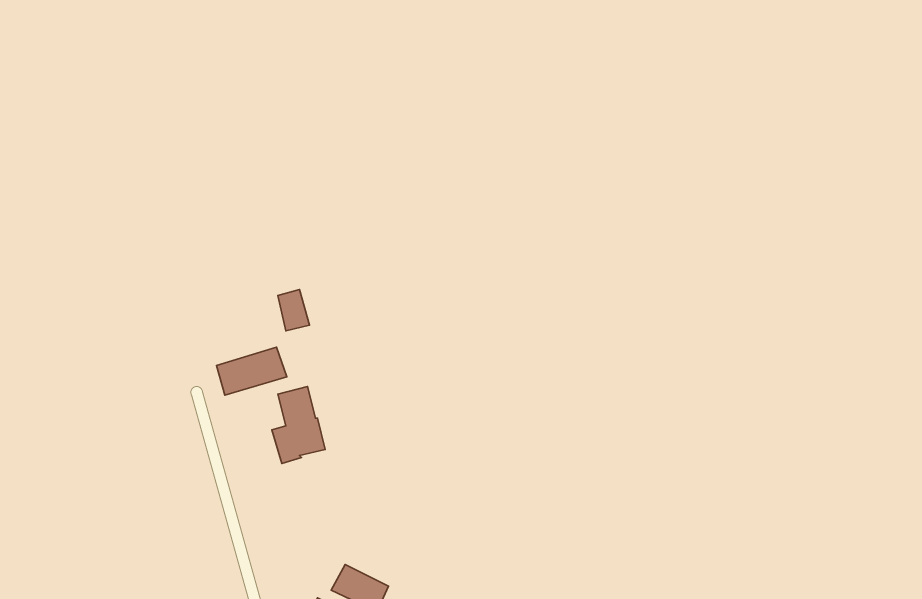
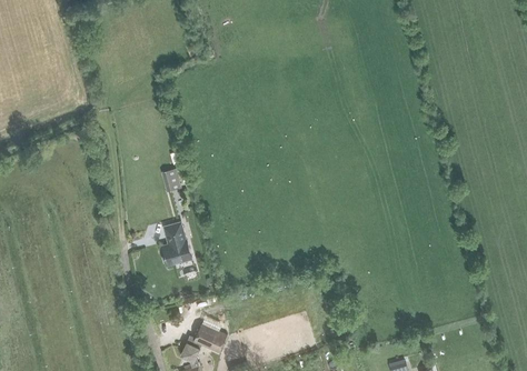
building: [217,347,287,395] -> none

